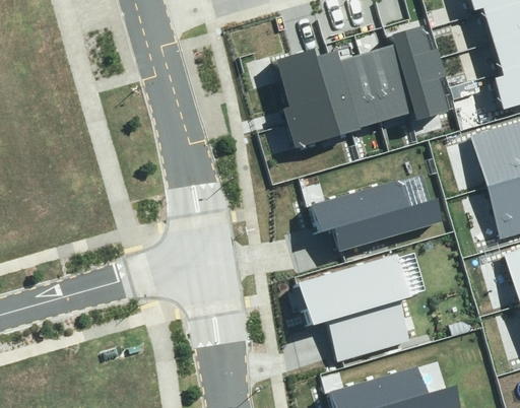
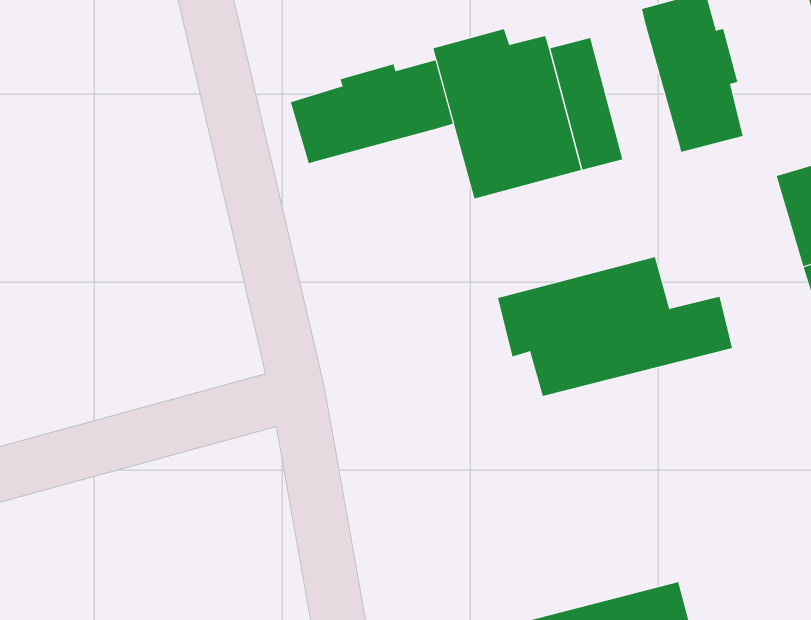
building: [366,47,415,124] -> none
building: none -> [290,59,453,164]
building: [291,251,410,360] -> none

